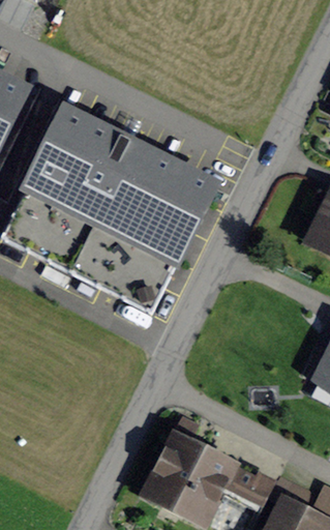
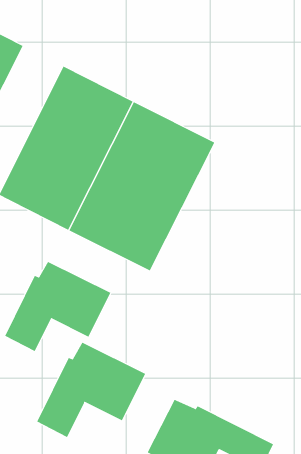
building: none -> [5,261,111,352]
building: none -> [37,342,146,438]

